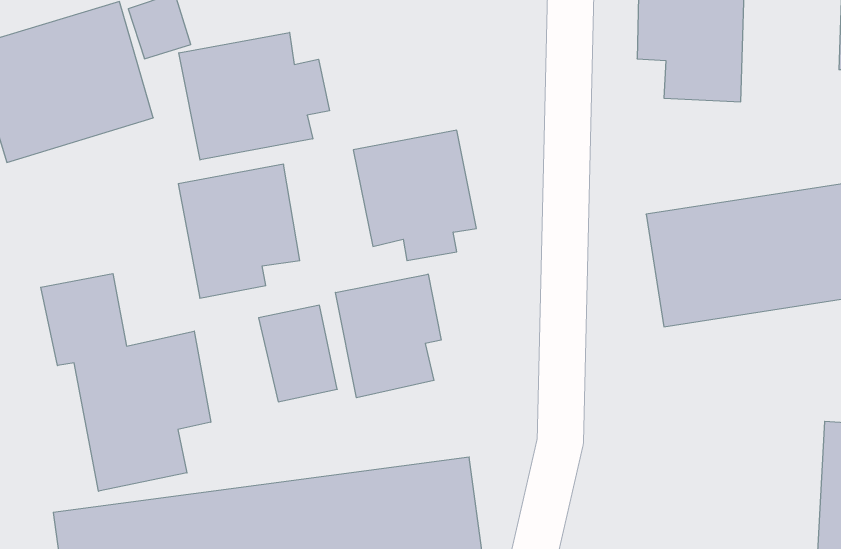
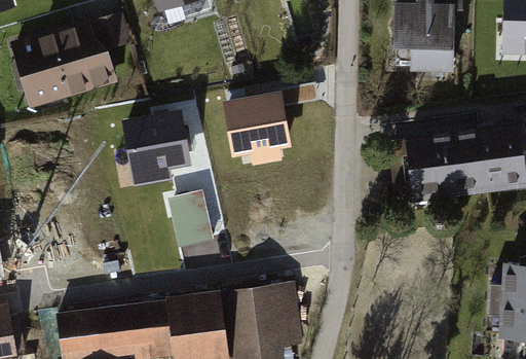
building: [179,32,329,160] -> none
building: [41,274,211,491] -> none
building: [335,274,441,398] -> none

